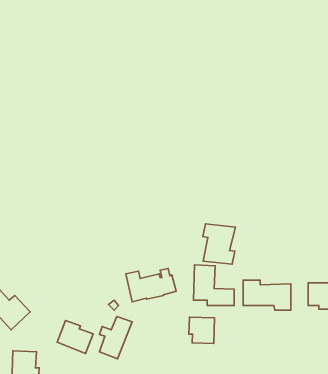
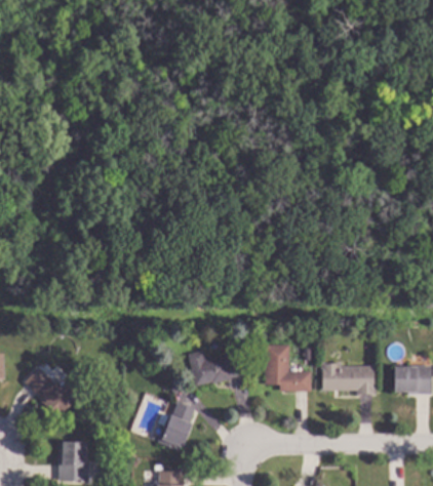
building: [203,224,235,264] -> none
building: [189,317,215,343] -> none
building: [57,320,93,354] -> none

